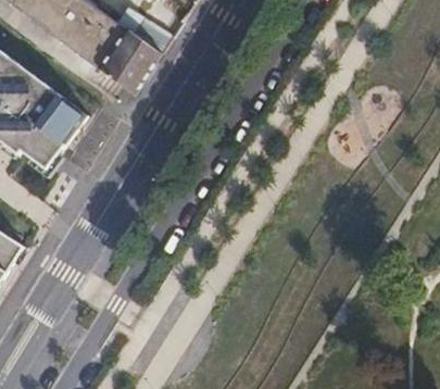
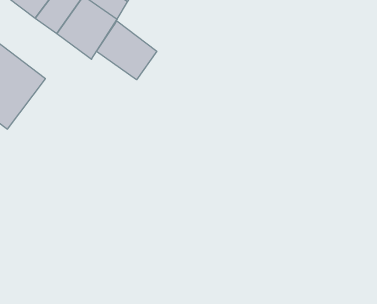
building: none -> [96,21,157,80]

